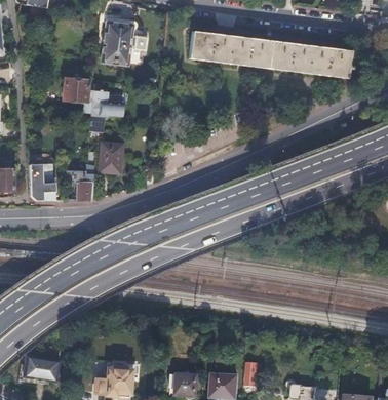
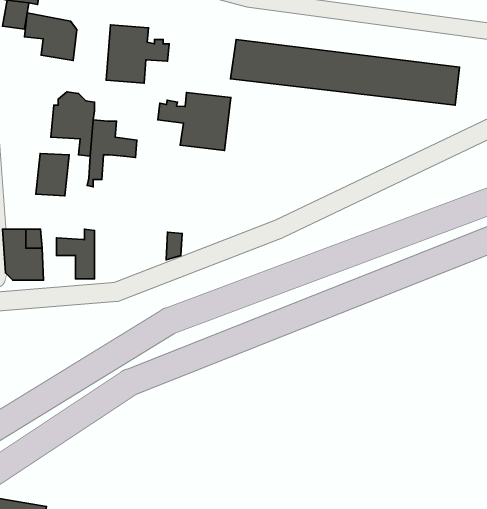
building: none -> [24,13,77,61]
building: none -> [158,92,231,150]
building: [100,137,123,167] -> [36,153,69,196]

